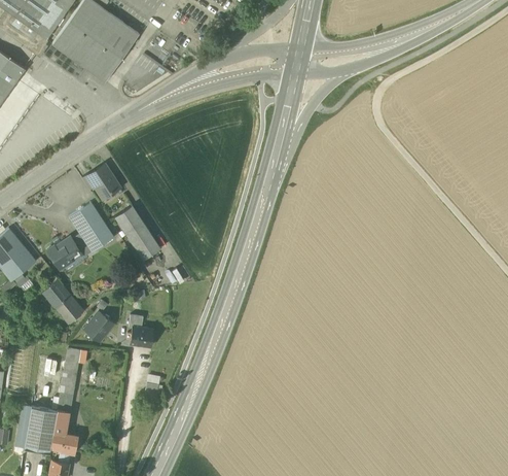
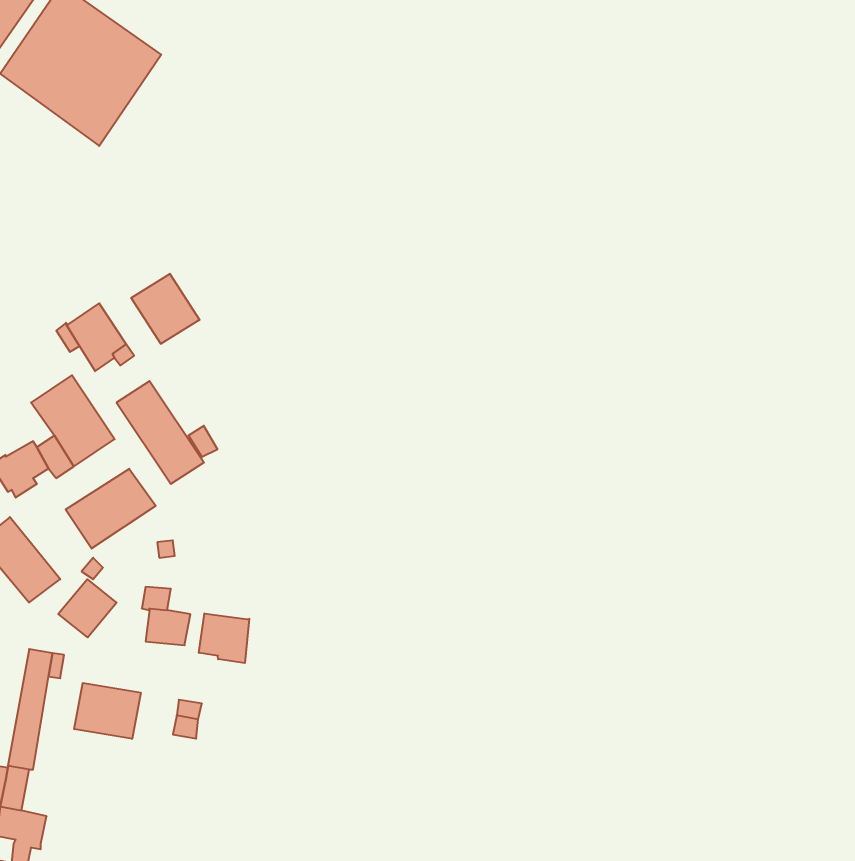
building: none -> [131,274,200,344]
building: none -> [66,469,156,549]
building: none -> [199,613,249,663]
building: none -> [74,683,141,739]

